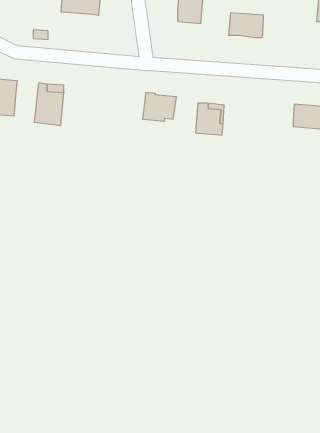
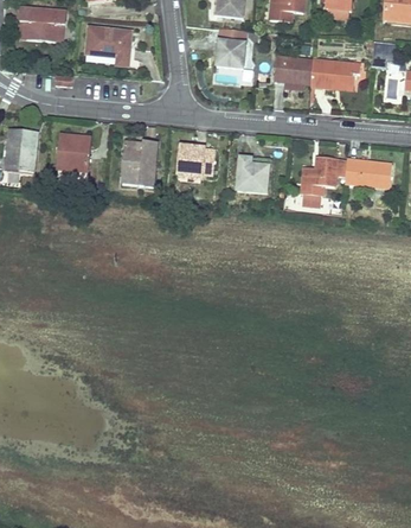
building: none -> [310,61,359,87]
building: none -> [121,141,156,186]
building: none -> [301,155,346,208]

